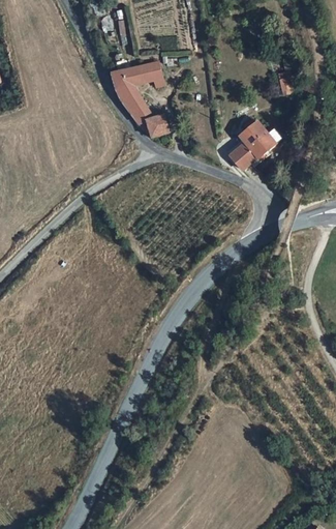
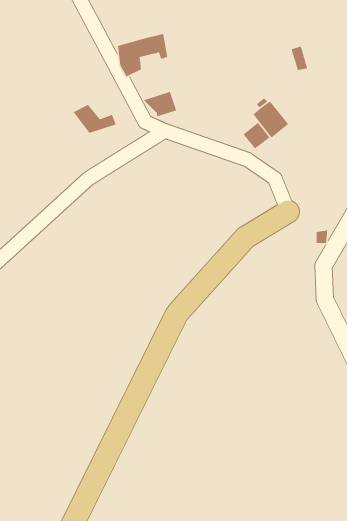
building: [123,94,164,122] -> [73,104,117,134]

